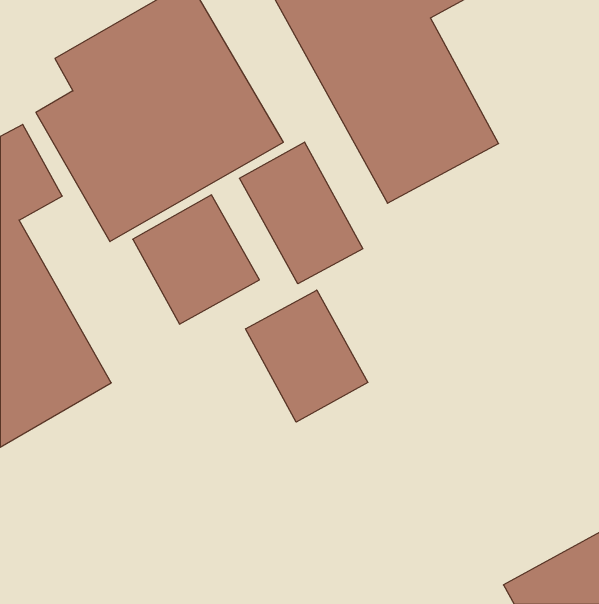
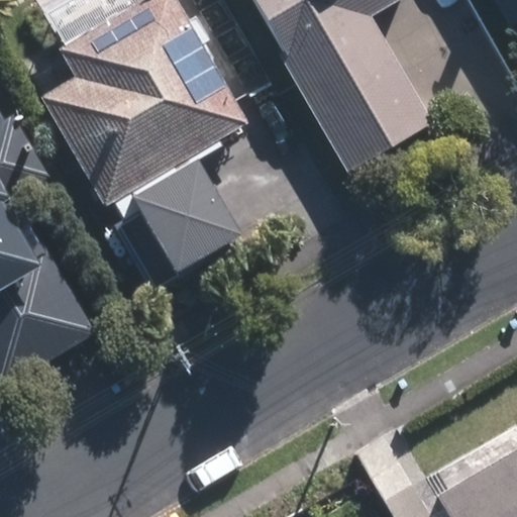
building: [239,142,363,284] -> none
building: [246,290,368,422] -> none

